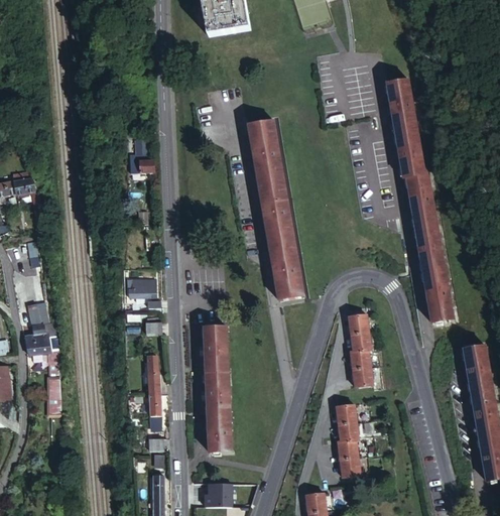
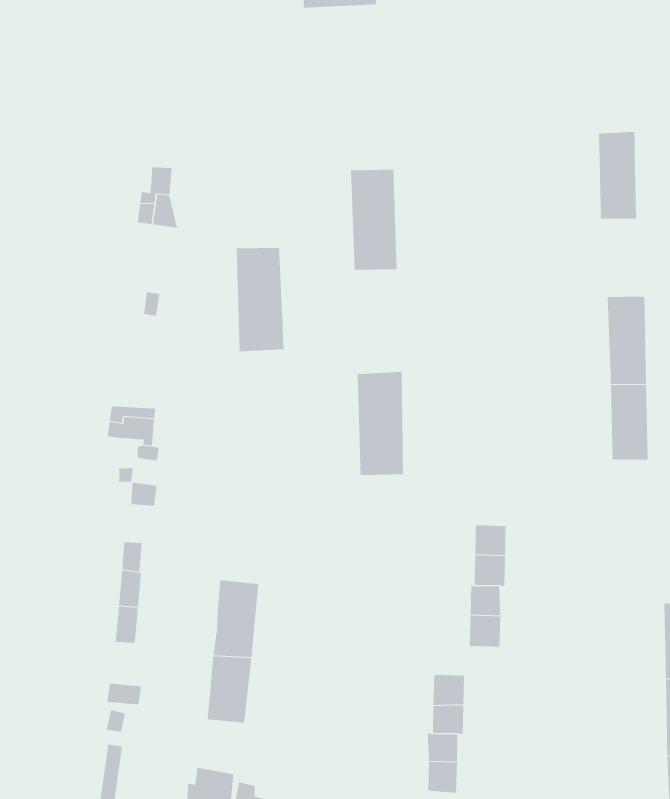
building: [396,129,425,177] -> none
building: [258,177,294,241] -> [236,247,285,352]
building: [422,267,453,321] -> none
building: [205,325,229,371] -> none

